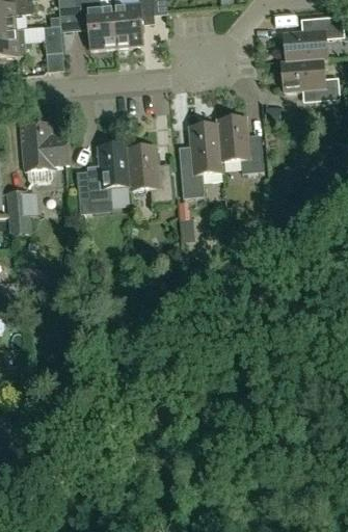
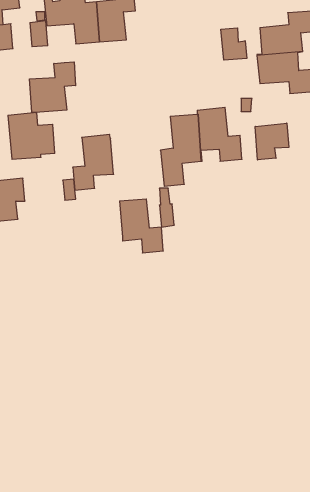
building: none -> [221,28,247,60]
building: none -> [30,62,76,113]
building: none -> [255,123,289,160]
building: [127,145,172,202] -> [120,199,163,253]

